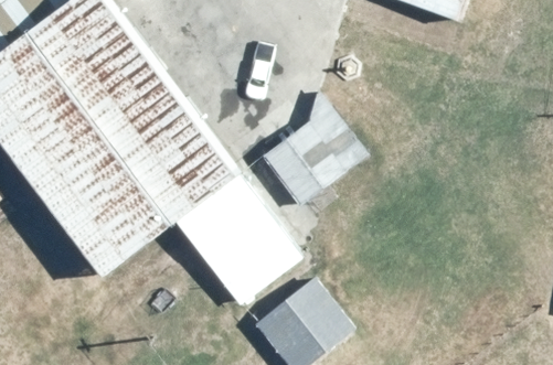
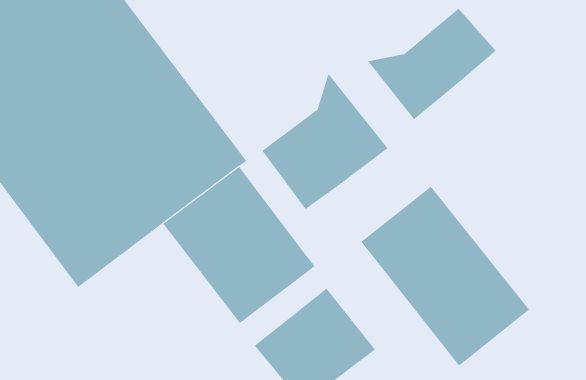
building: none -> [367,8,496,120]
building: none -> [360,186,530,367]

